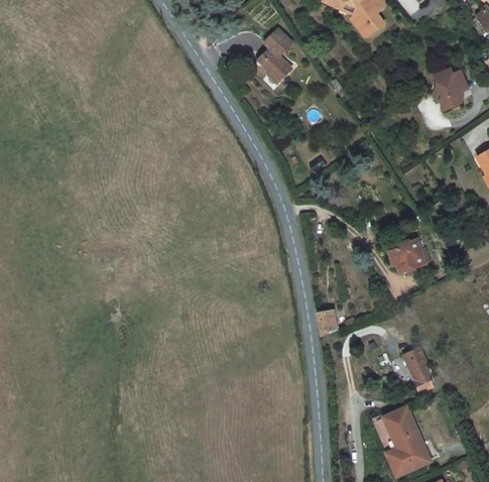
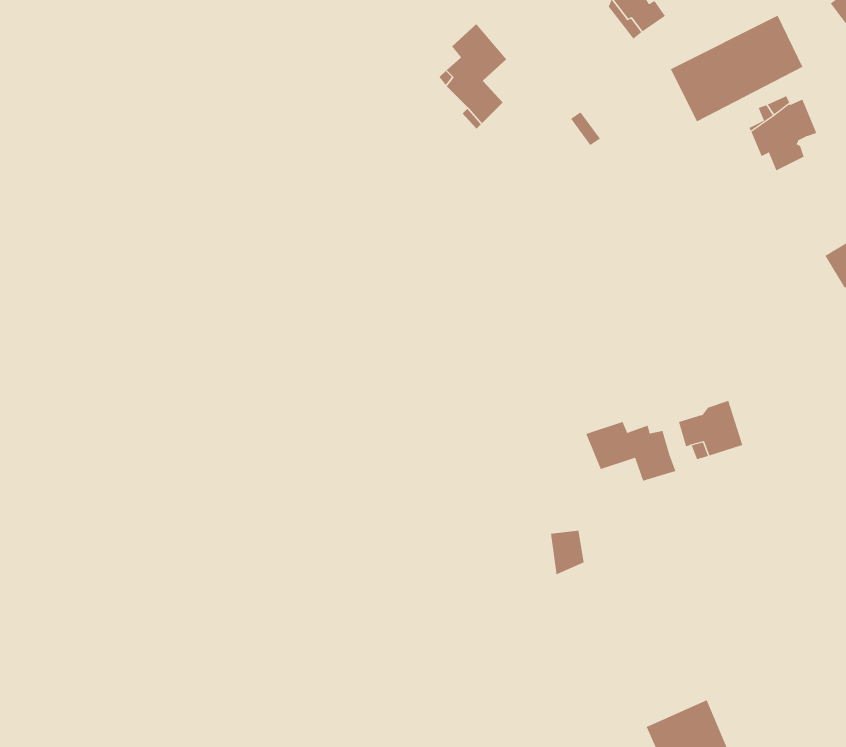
building: none -> [670,15,803,122]
building: none -> [586,421,676,481]
building: [406,347,435,390] -> none

